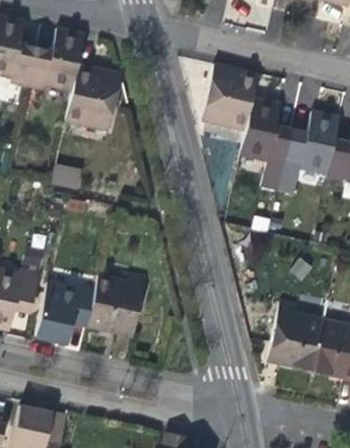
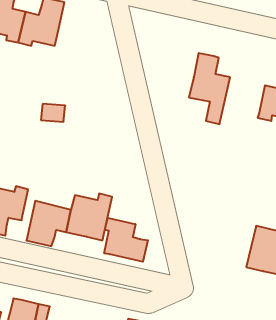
building: [200,66,257,131] -> none
building: [63,69,118,134] -> none
building: [278,115,340,194] -> none
building: [266,302,324,370] -> none
building: none -> [104,218,148,262]

